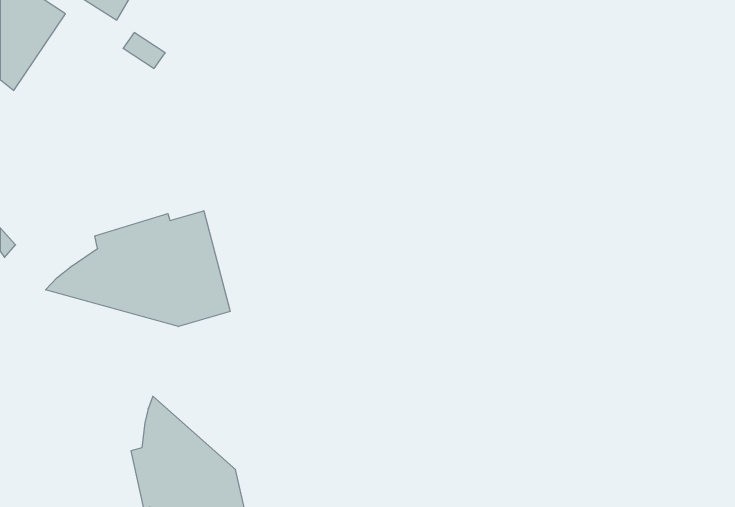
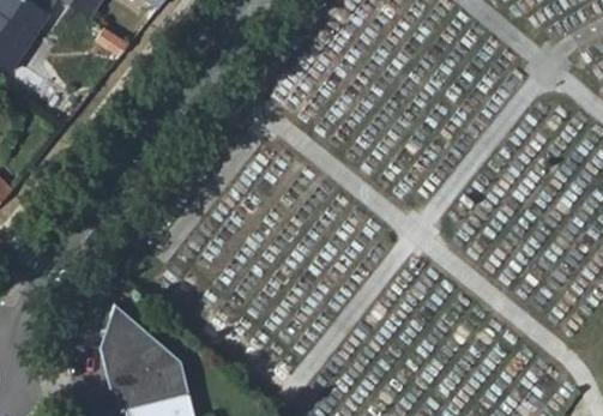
building: [46,211,230,327] -> none

